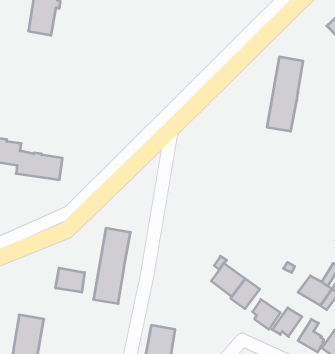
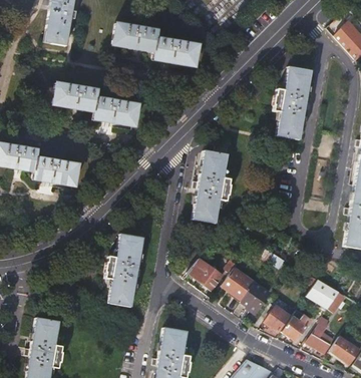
building: none -> [112,24,199,66]
building: none -> [53,83,138,126]
building: none -> [193,142,230,223]
building: none -> [188,258,224,290]
building: [56,268,85,292] -> none

